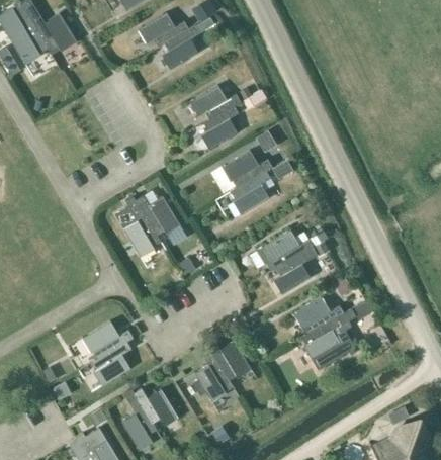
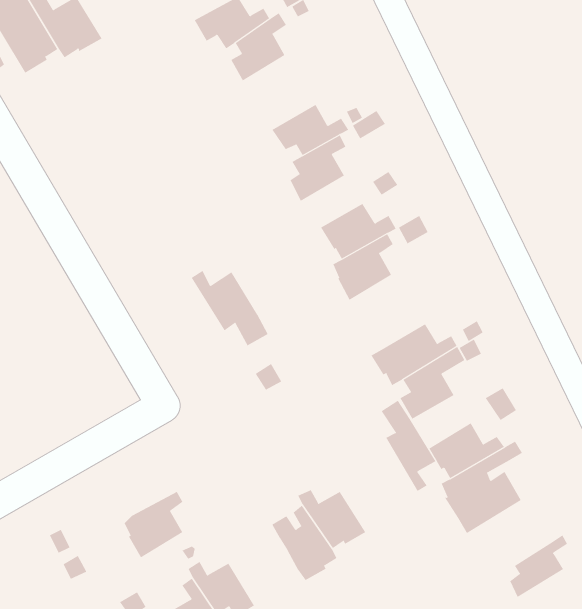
building: [115,196,161,257] -> none
building: none -> [381,400,436,492]
building: [83,321,133,358] -> none
building: none -> [509,535,568,598]

